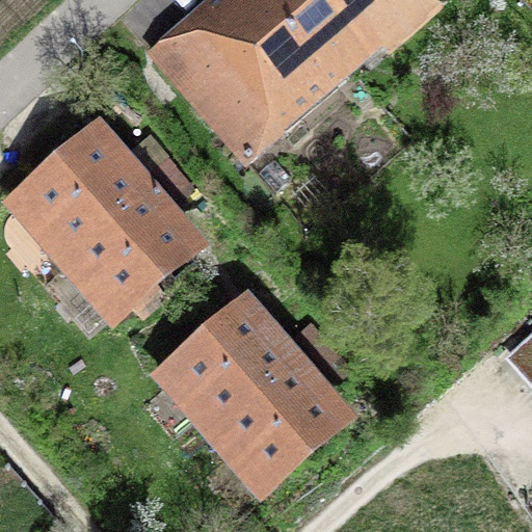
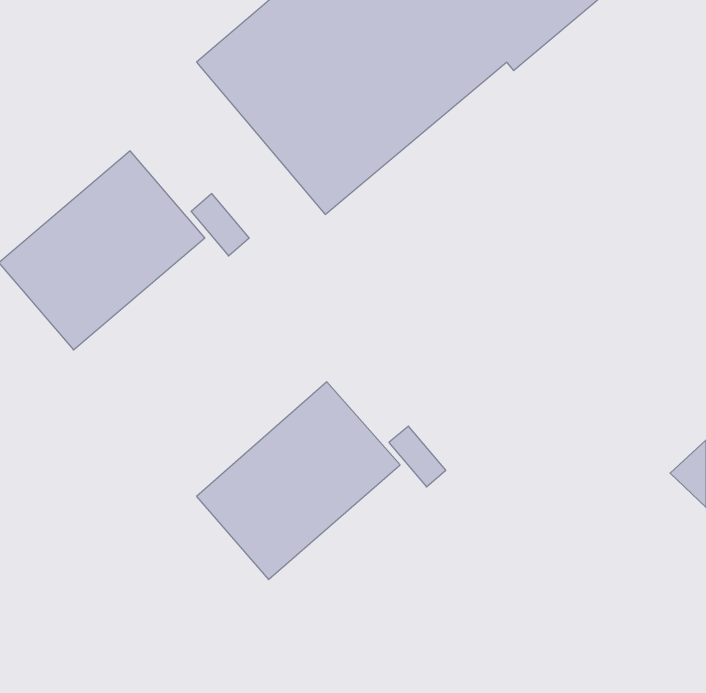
building: [55,179,210,328] -> none
building: [202,349,357,501] -> none

